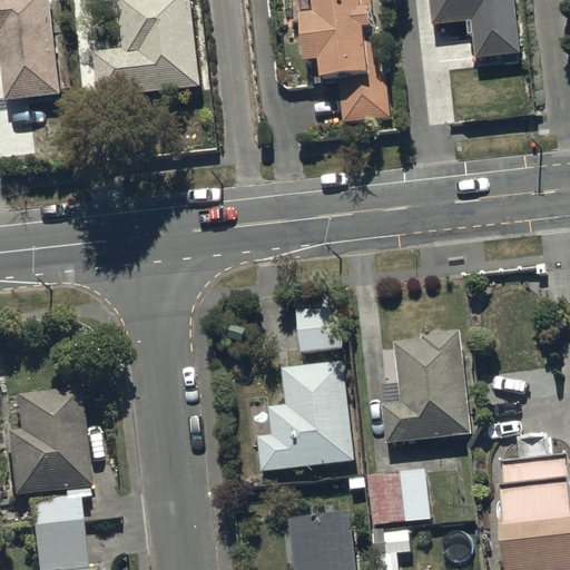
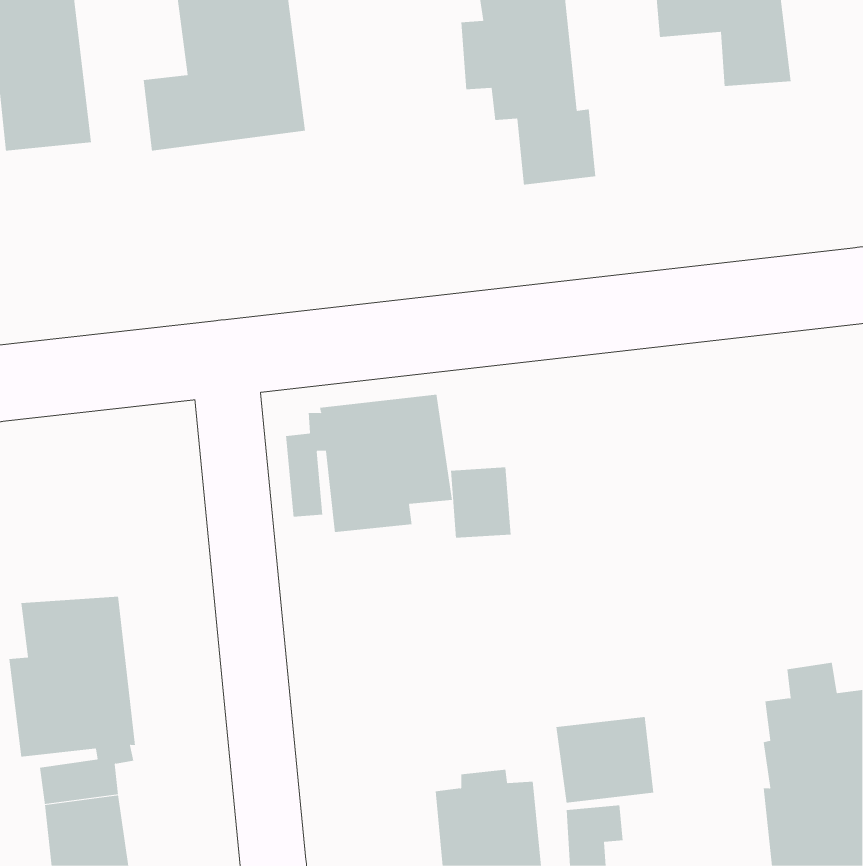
building: none -> [285,394,452,533]
building: [380,332,471,445] -> none
building: [256,362,353,472] -> none

